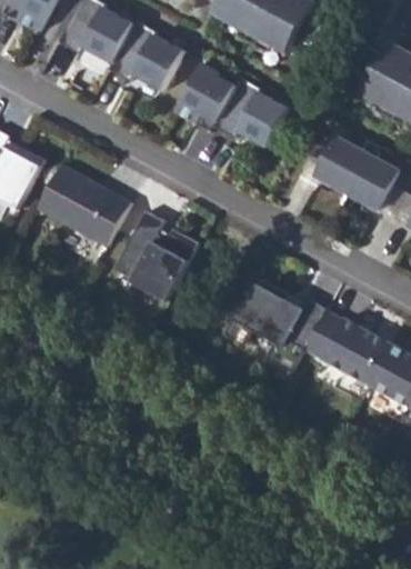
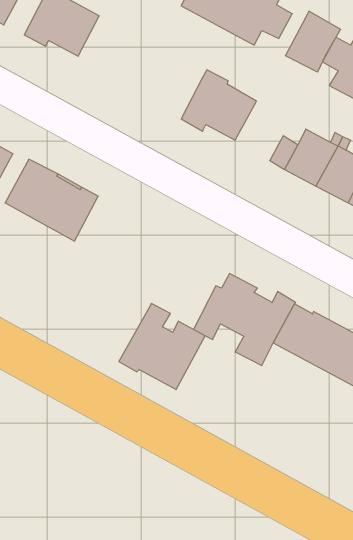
building: none -> [285,11,341,72]
building: [108,21,183,91] -> none
building: [176,63,234,132] -> none
building: [114,211,200,297] -> [119,303,205,390]

